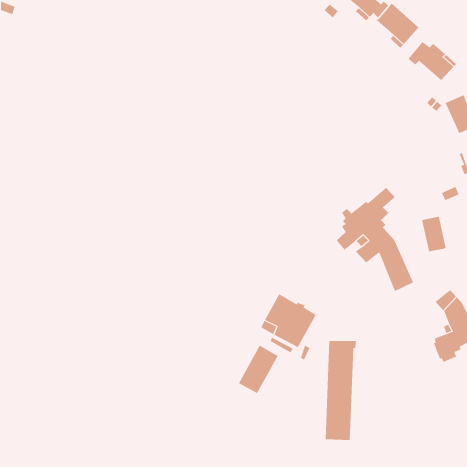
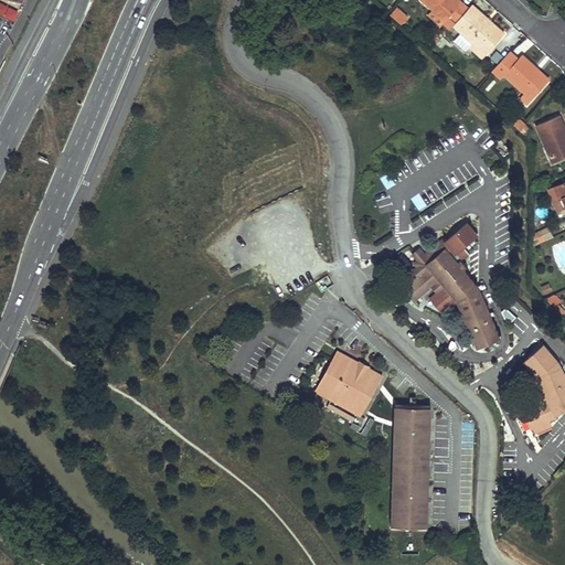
building: [422,216,446,252] -> none
building: [238,345,279,394] -> none

